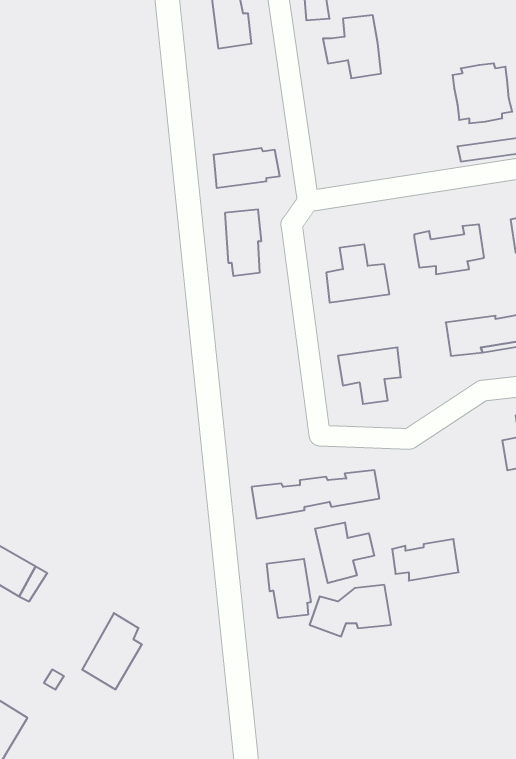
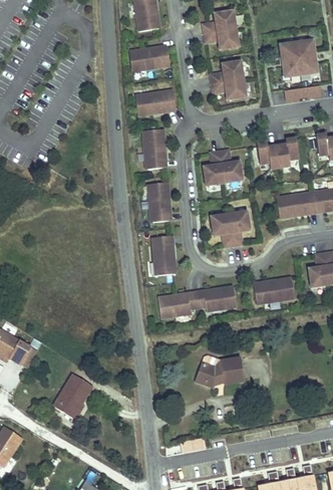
building: none -> [128,47,169,71]
building: none -> [210,61,245,99]
building: none -> [147,182,171,222]
building: none -> [153,236,176,275]
building: [315,522,374,583] -> none
building: [392,539,459,581] -> [254,277,294,302]
building: [267,559,311,618] -> none

